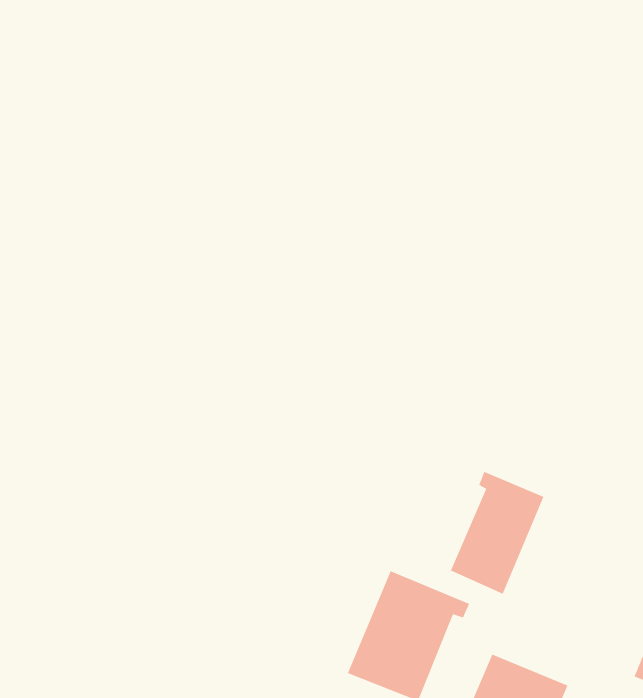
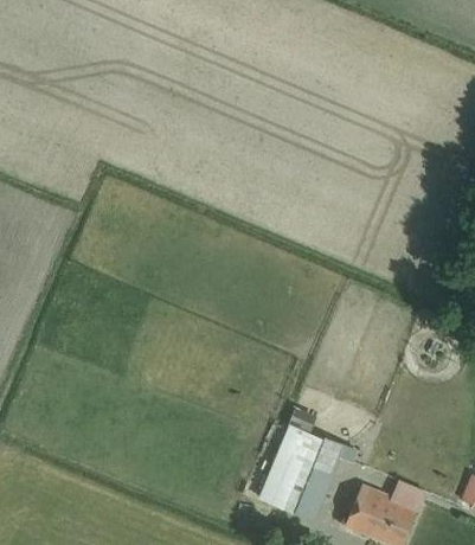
building: [450,471,545,595] -> none

